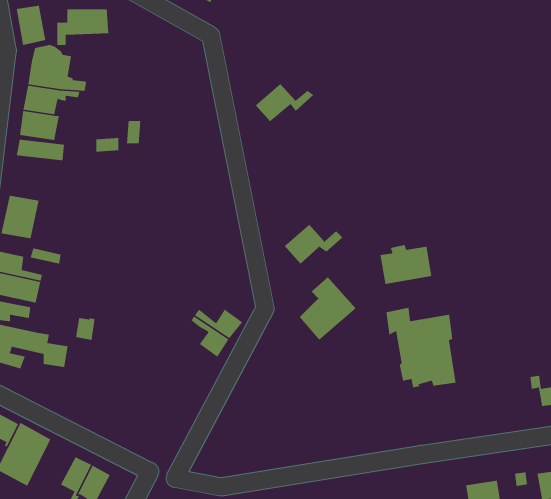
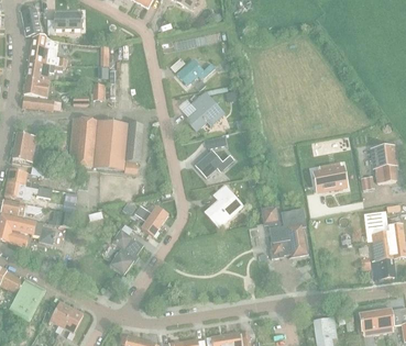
building: none -> [185,91,223,131]
building: none -> [68,118,141,171]
building: [380,244,432,285] -> [312,165,347,191]
building: none -> [109,228,143,275]

